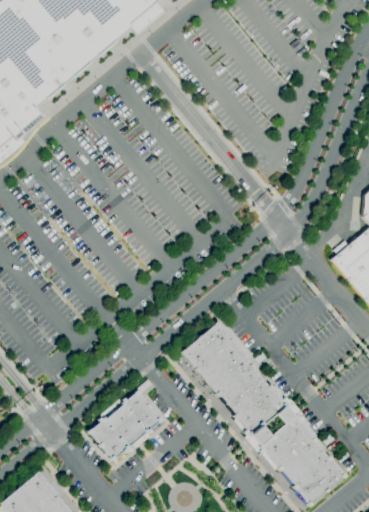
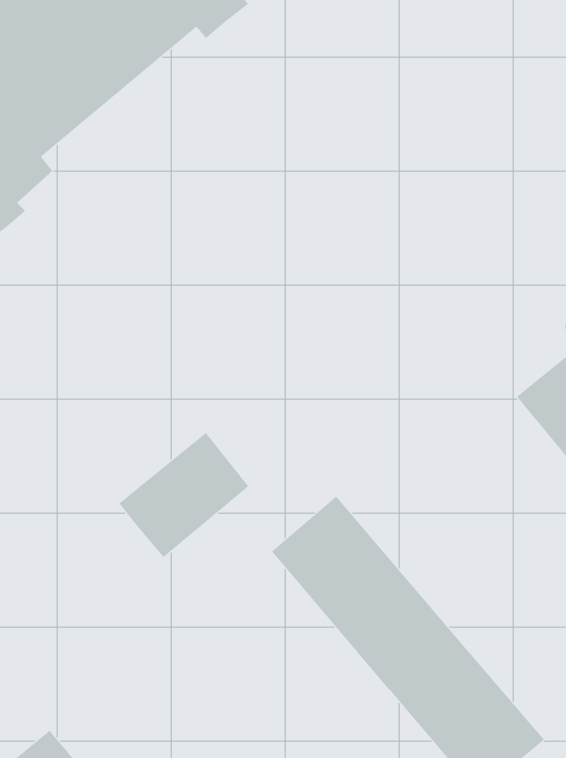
building: [88,385,170,464] -> [118,432,249,558]

